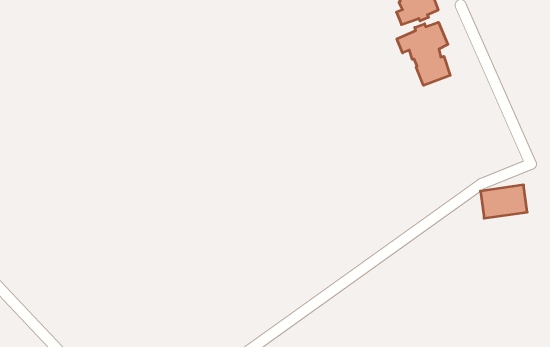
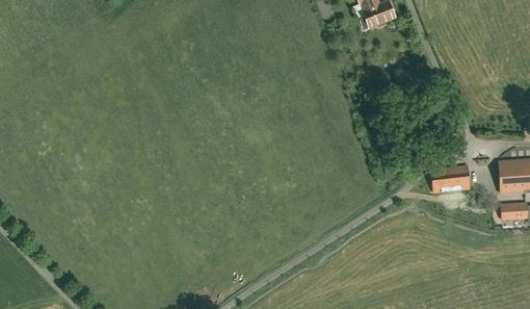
building: [397,22,450,85] -> none

